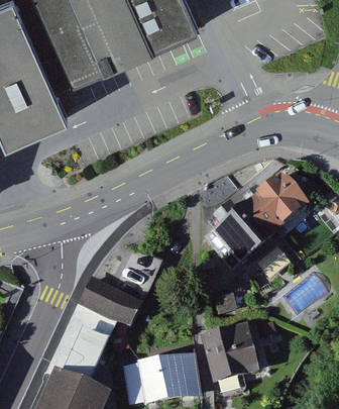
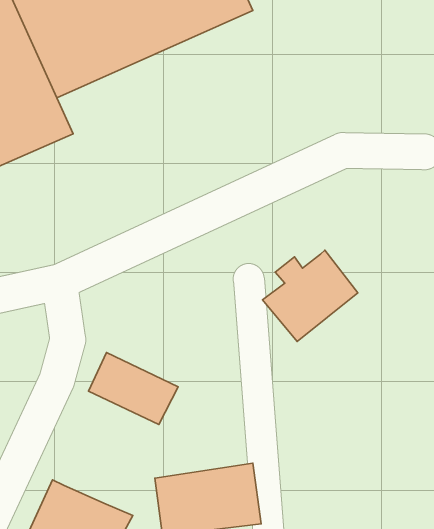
building: [241,179,305,234] -> none
building: [59,328,109,388] -> none
building: [206,331,262,390] -> none

